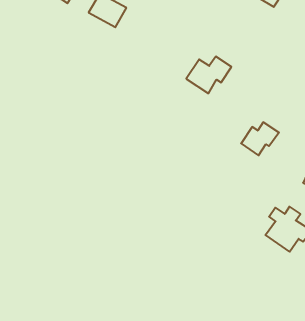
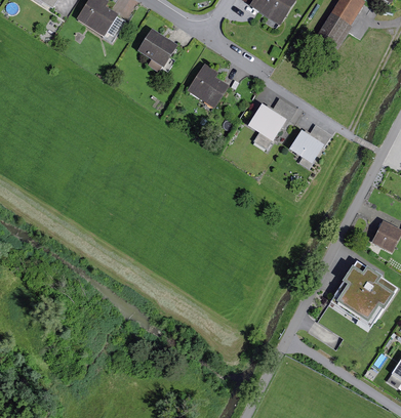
building: none -> [191,67,229,106]
building: [241,122,279,155] -> [287,126,329,163]

